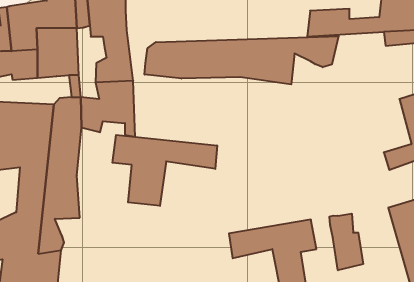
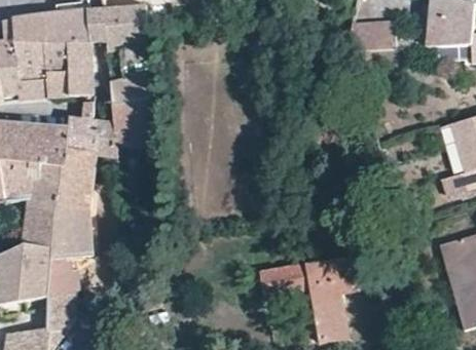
building: [145,36,338,84] -> none
building: [112,135,217,206] -> none
building: [329,214,363,270] -> none

